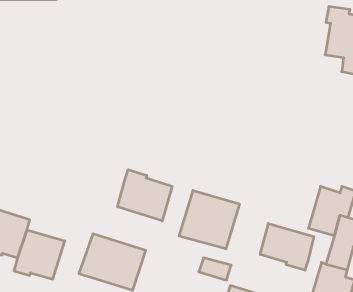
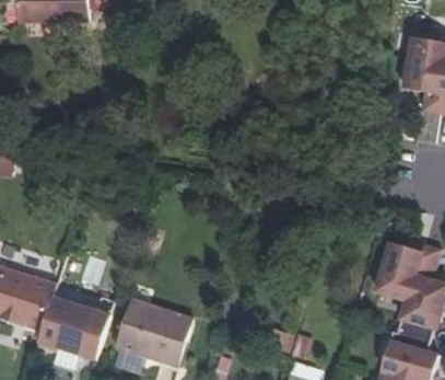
building: [118,170,172,221] -> none
building: [179,190,239,249] -> none
building: [260,223,314,270] -> none

